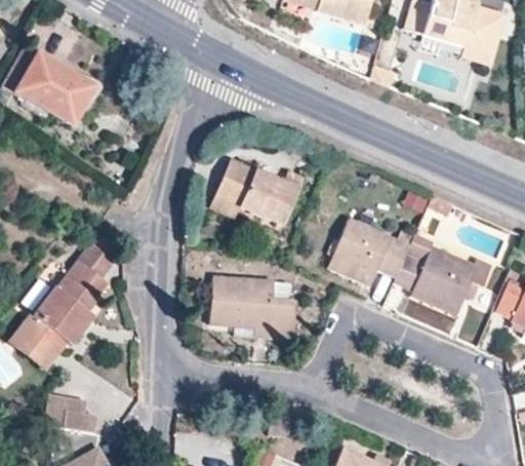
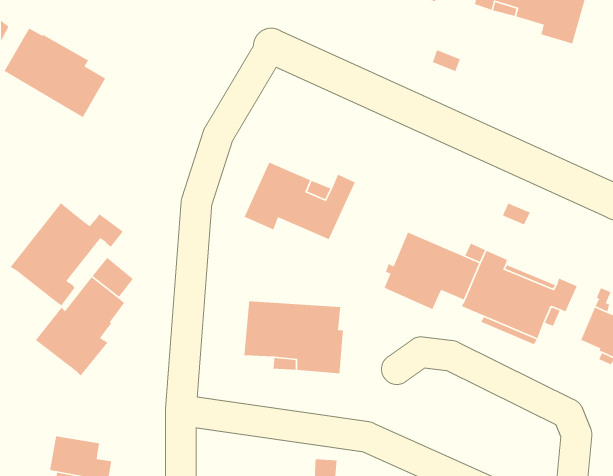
building: none -> [10,202,124,306]
building: [11,312,68,366] -> none

